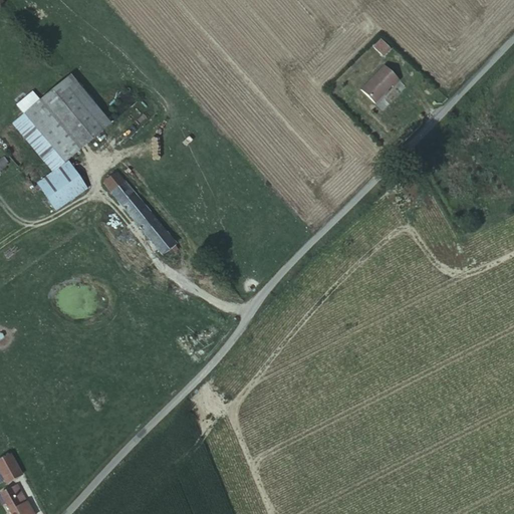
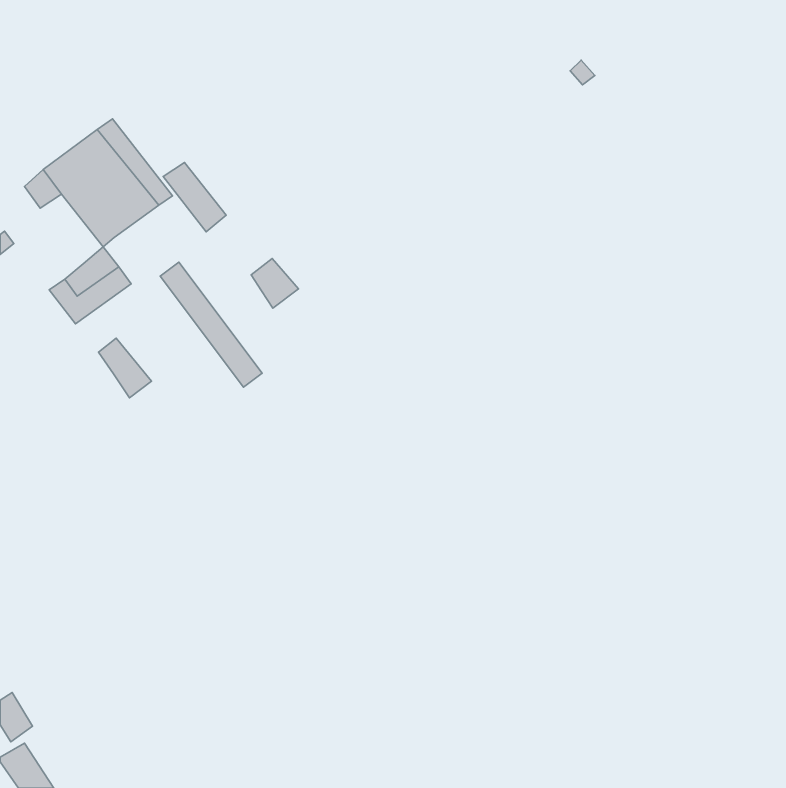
building: [357,65,396,101] -> none
building: [27,126,68,172] -> [163,163,226,232]
building: none -> [251,258,298,308]
building: none -> [98,338,151,398]

